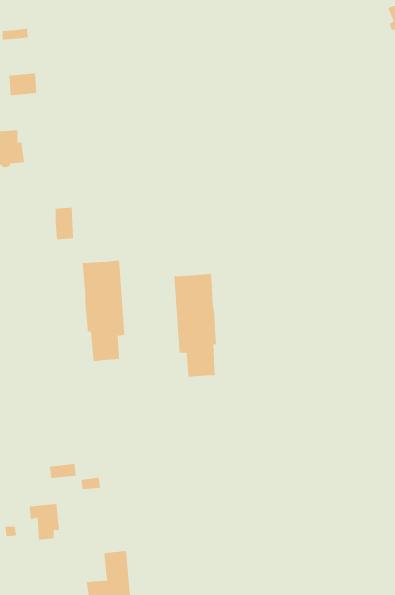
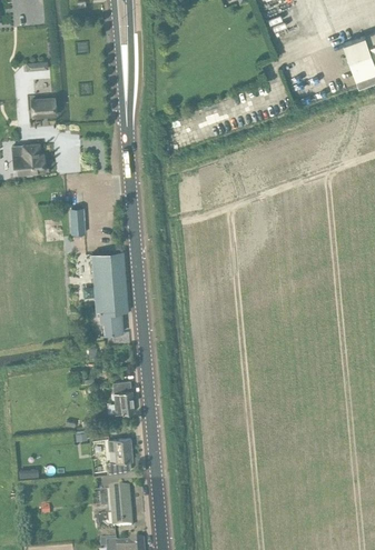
building: [174,273,216,377] -> none
building: none -> [114,380,135,413]
building: [29,503,60,540] -> [108,438,134,468]

